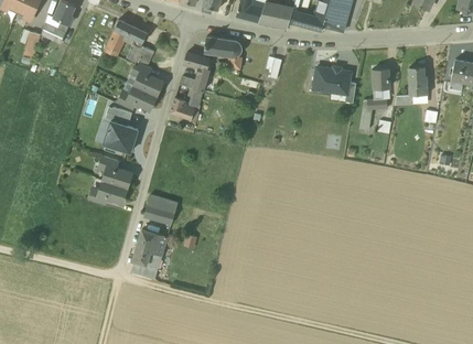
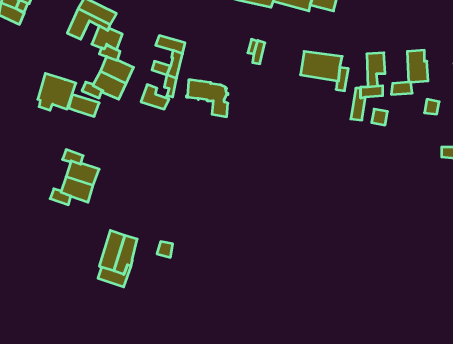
building: [204,35,241,68] -> [186,80,228,117]
building: [104,119,138,152] -> [38,73,76,110]
building: [143,193,178,223] -> none

